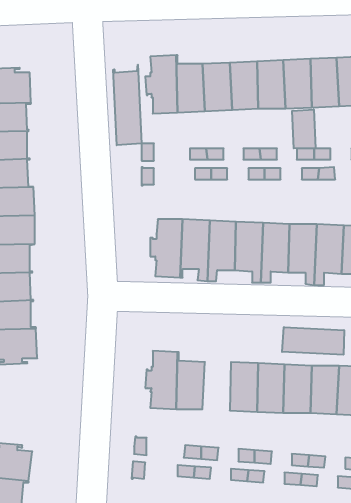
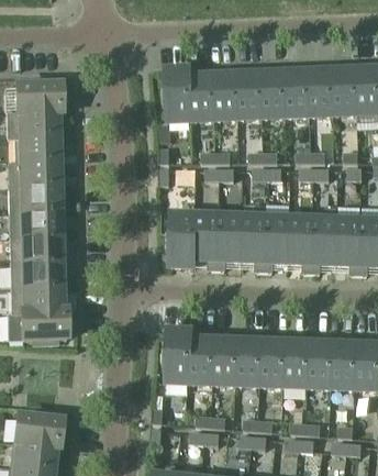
building: [113,65,142,145] -> none
building: [292,109,315,148] -> none
building: [282,327,344,355] -> none
building: none -> [212,341,237,384]

